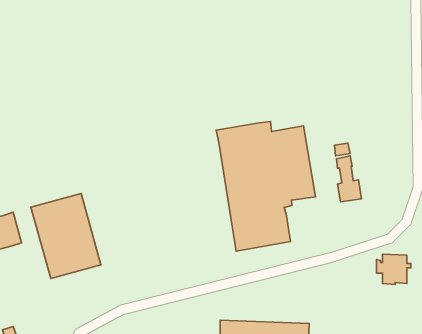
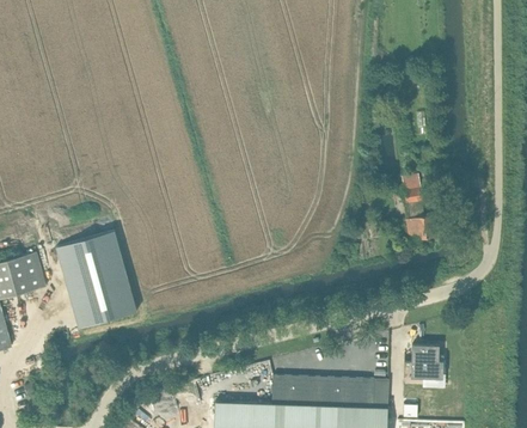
building: [216,121,315,251] -> none
building: [376,254,411,285] -> [404,344,443,379]

